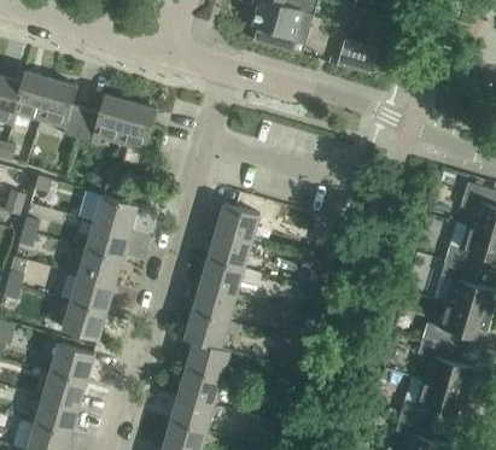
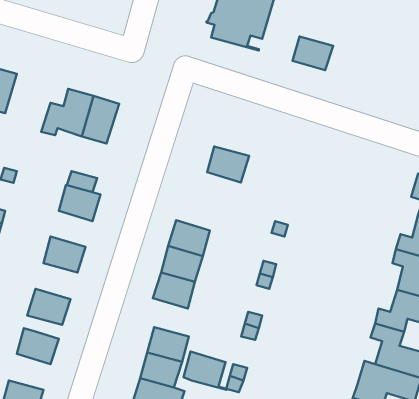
building: [39,78,86,139] -> none
building: [216,204,259,241] -> [207,147,249,183]
building: [86,221,129,258] -> none
building: [70,275,113,312] -> none
building: [185,311,229,351] -> [183,352,227,390]
building: [42,369,86,407] -> none

